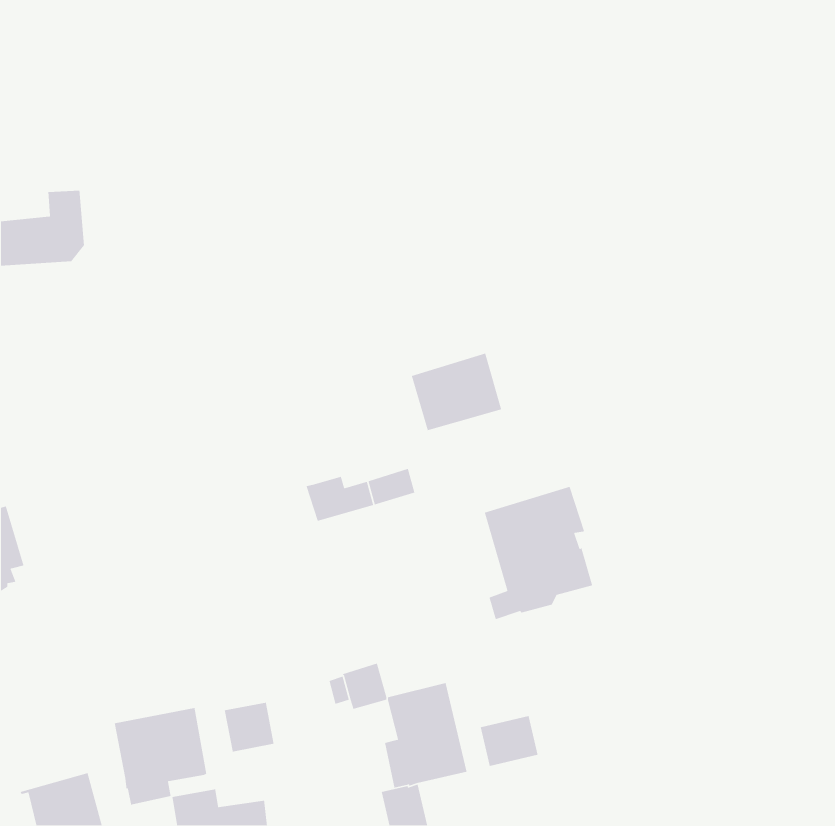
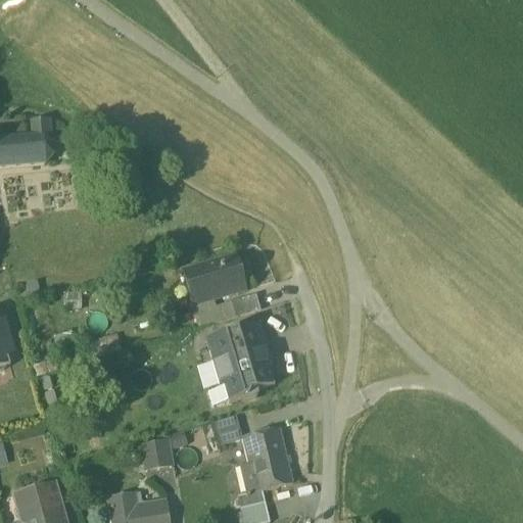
building: [411,353,502,431] -> [185,253,242,302]
building: [484,486,593,620] -> [205,321,274,405]
building: [114,707,207,806] -> none
building: [480,715,539,767] -> none

